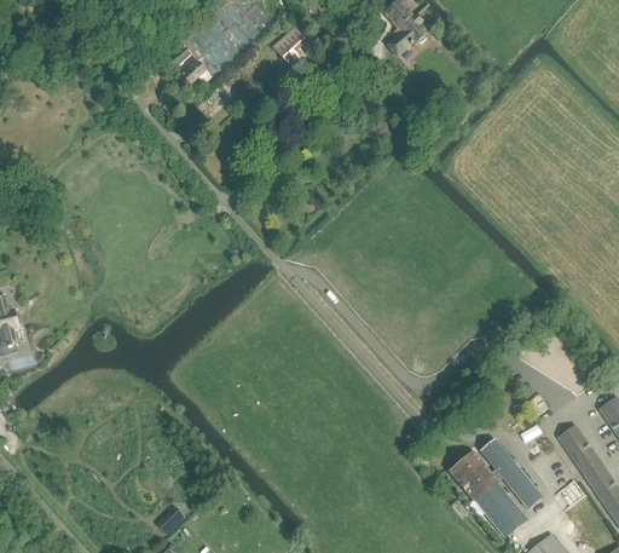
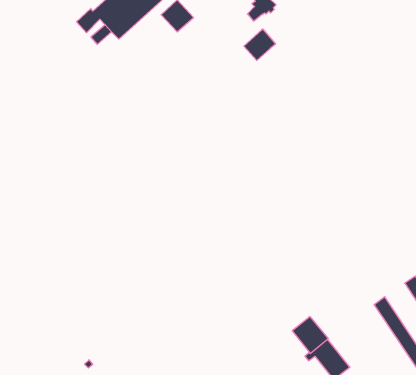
building: none -> [244,29,276,60]
building: [481,438,542,507] -> none

